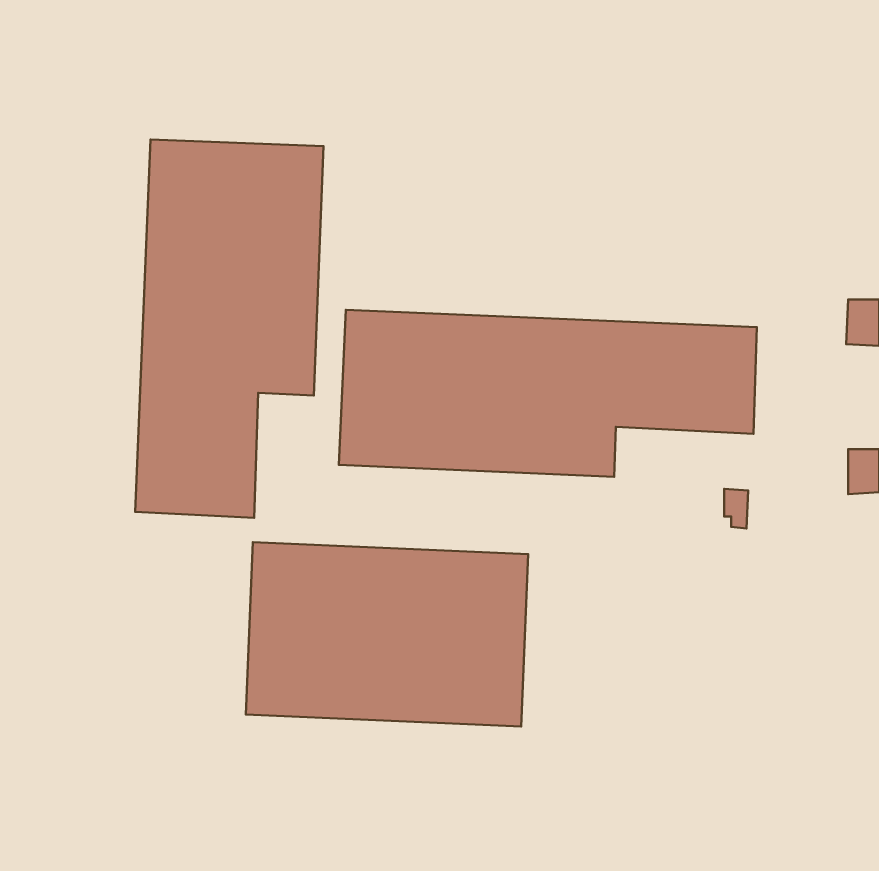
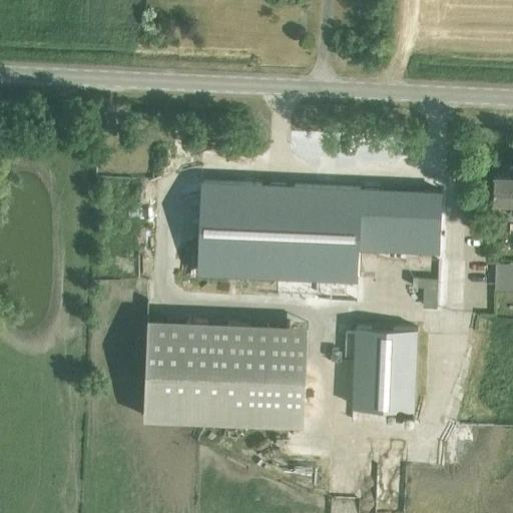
building: [135,139,324,518] -> none
building: none -> [342,330,417,425]

